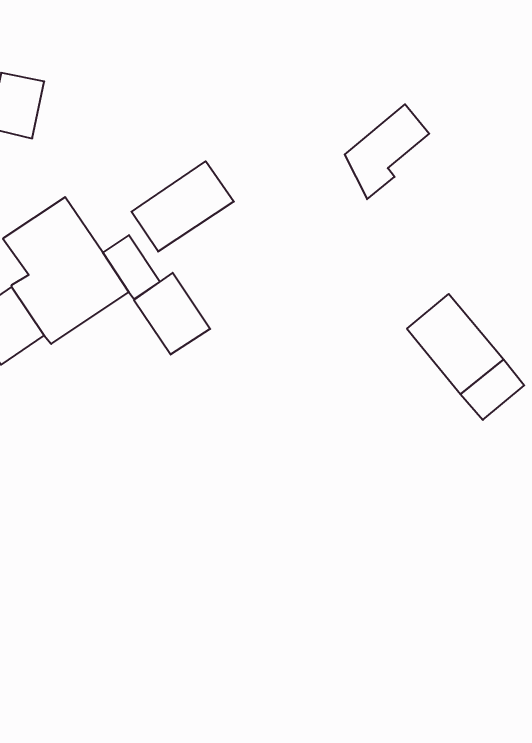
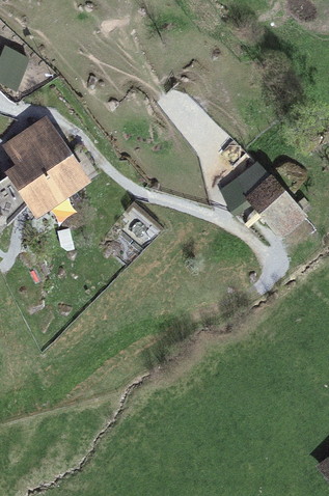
building: [345,104,429,199] -> [221,160,272,217]
building: [131,161,234,252] -> none
building: [134,273,210,355] -> none

